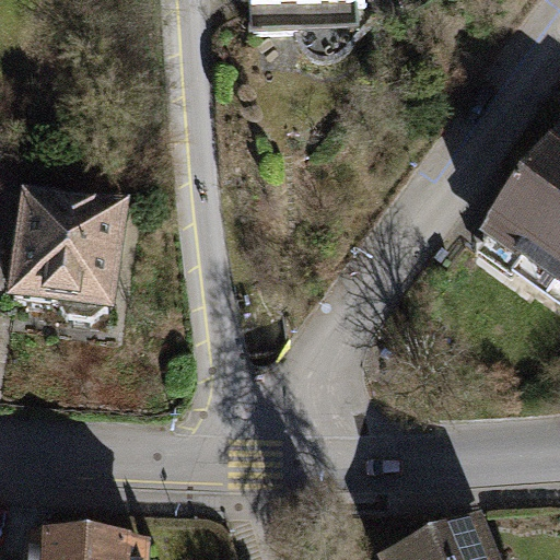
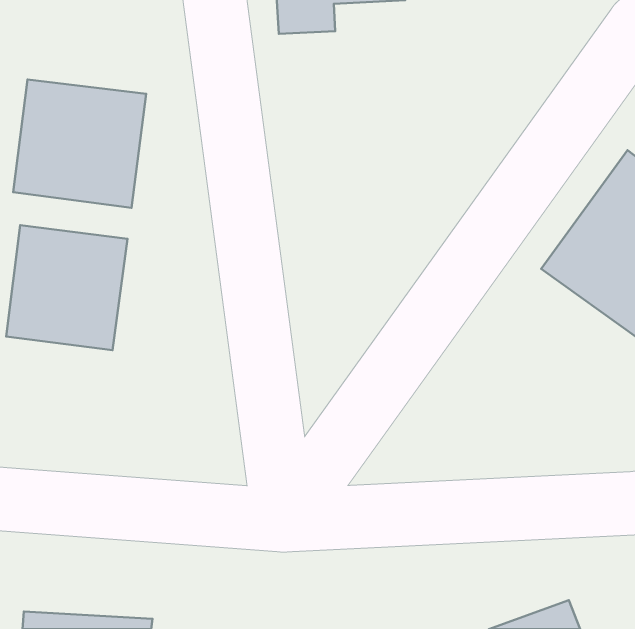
building: none -> [13,80,146,208]

